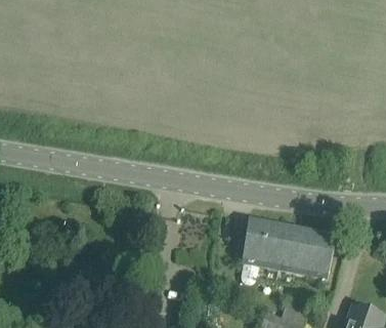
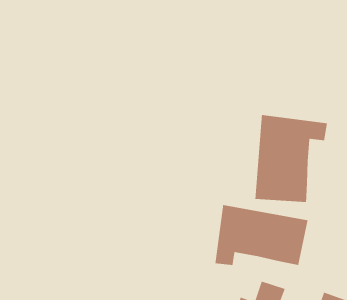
building: none -> [254,114,328,203]

